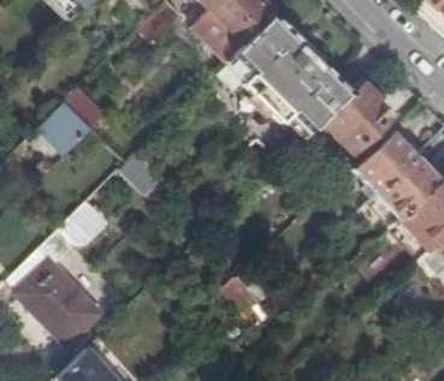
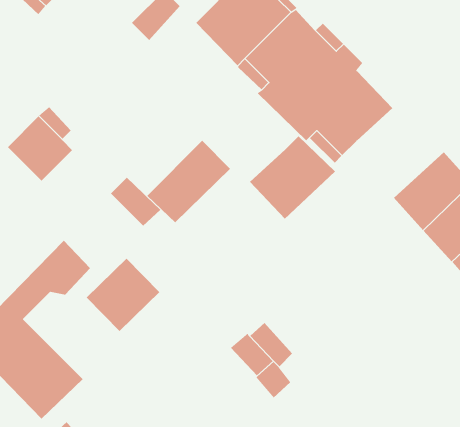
building: [324,84,393,151] -> [249,136,336,219]
building: none -> [146,140,231,223]
building: none -> [86,258,160,332]

